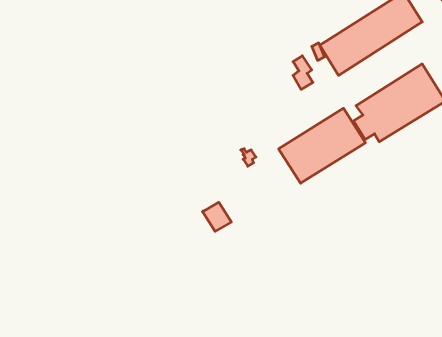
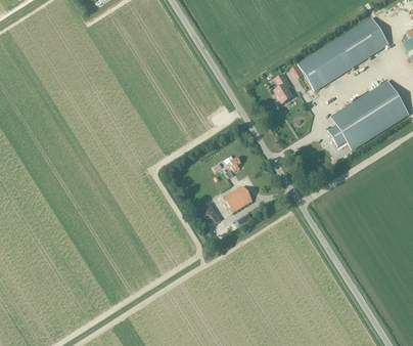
building: [279,108,365,183] -> none
building: none -> [224,186,253,212]

